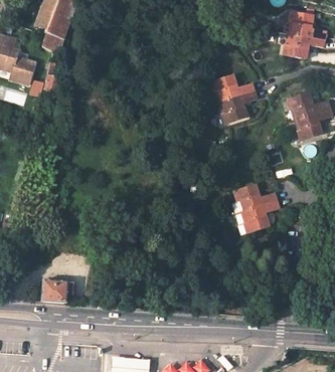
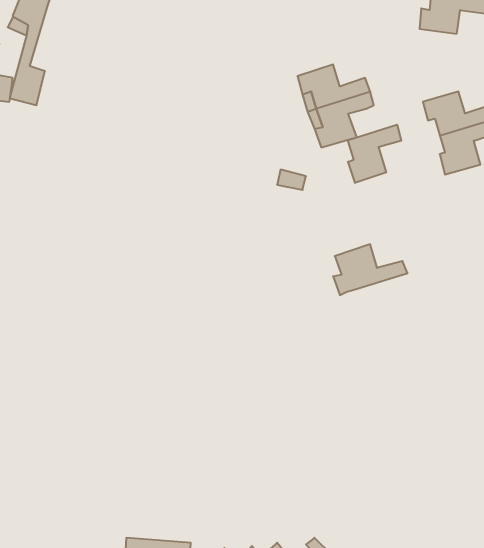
building: none -> [348,125,401,183]
building: [243,198,279,231] -> none
building: [39,281,72,304] -> none

